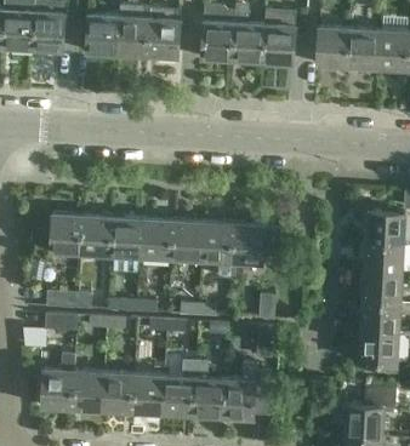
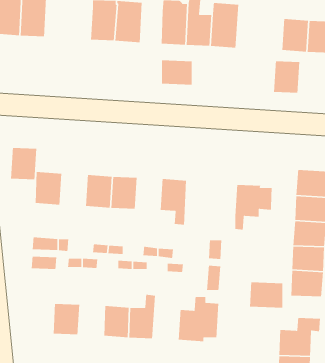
building: [86,13,119,55] -> none
building: [317,27,349,67] -> [273,60,300,94]
building: none -> [161,59,192,85]
building: [80,215,113,255] -> [10,147,37,180]
building: [171,219,203,259] -> none
building: [230,223,277,279] -> [234,184,273,231]
building: none -> [249,281,283,308]
building: [40,354,74,408] -> none
building: [192,361,224,416] -> none
building: [102,372,133,411] -> none

